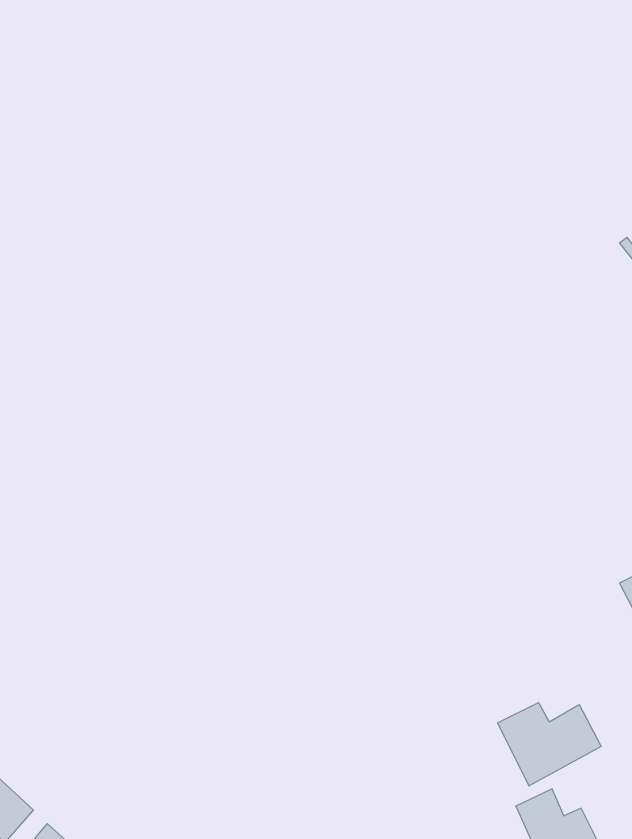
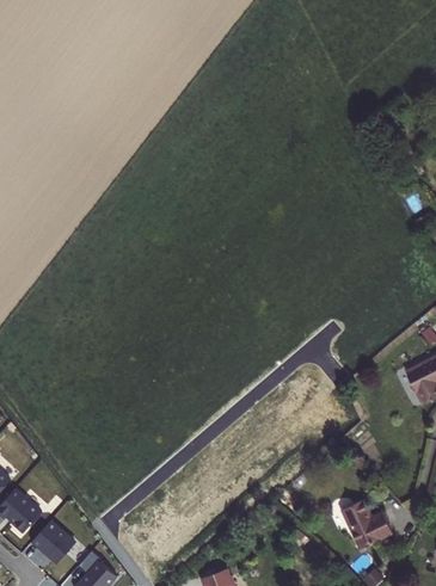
building: [498,702,601,786] -> none

